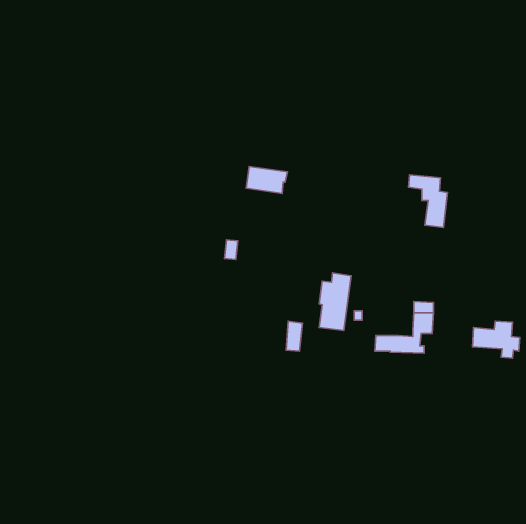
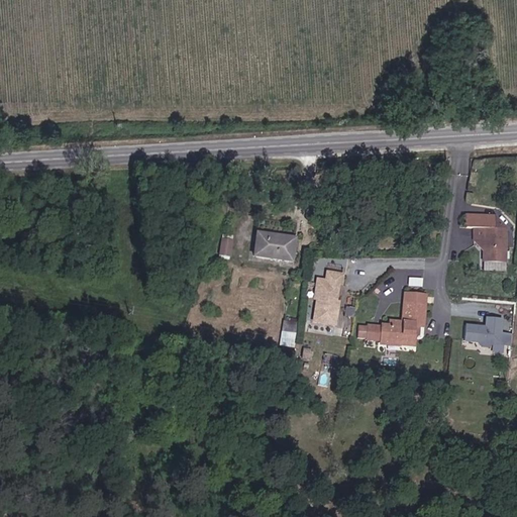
building: [246,167,287,193] -> [255,232,296,258]
building: [408,175,448,227] -> [469,210,507,262]

